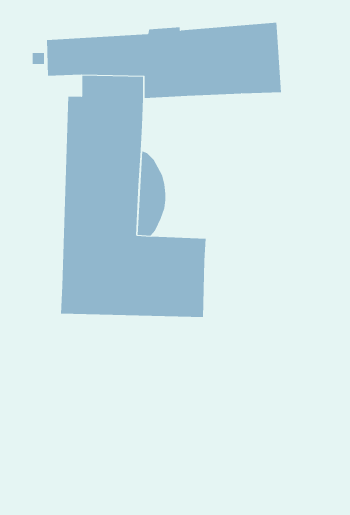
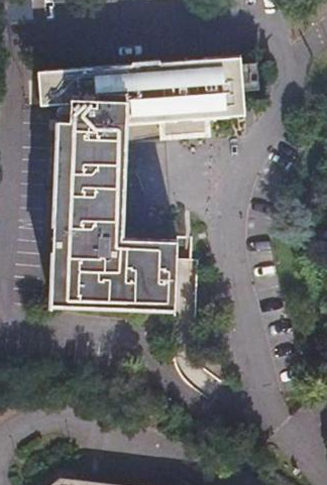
building: none -> [168,116,216,138]

